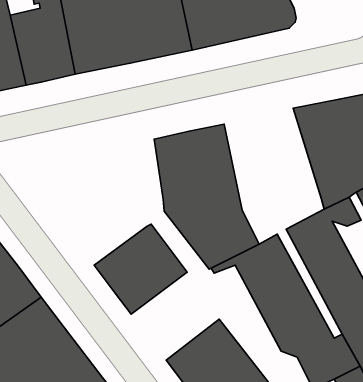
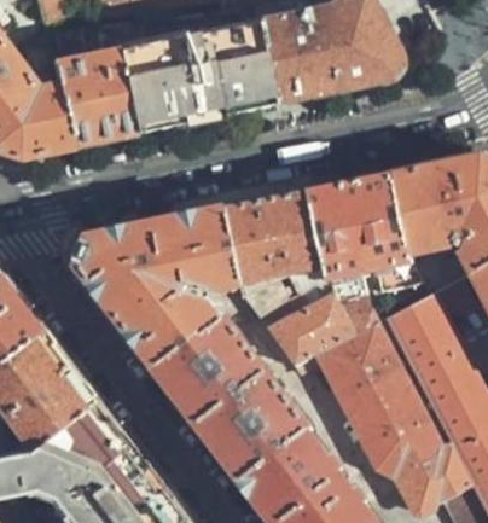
building: none -> [312,173,429,337]
building: none -> [81,210,238,362]
building: none -> [199,371,308,477]

